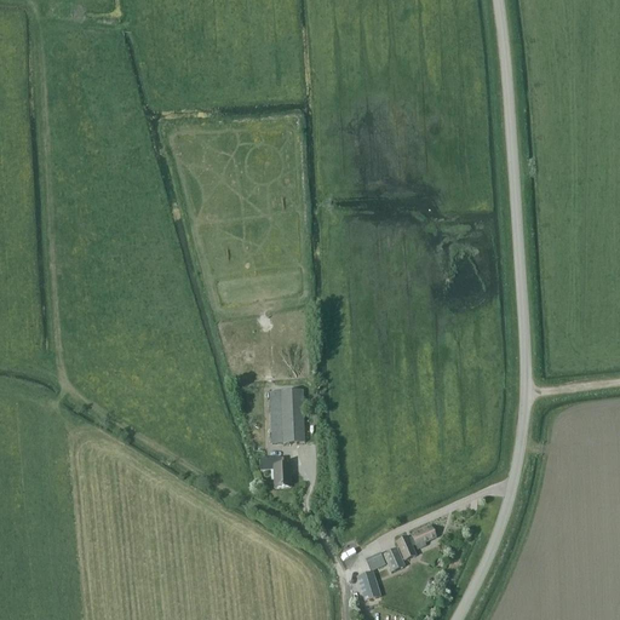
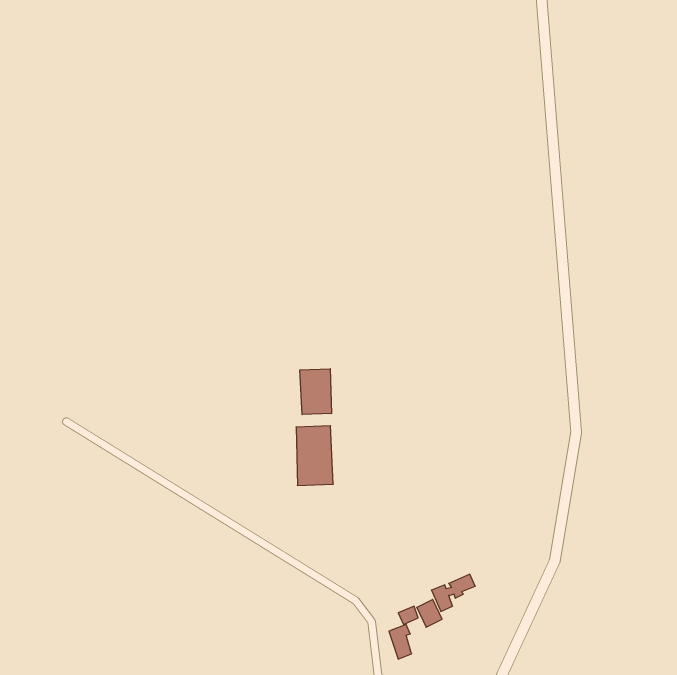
building: none -> [300,369,331,415]
building: [258,458,288,488] -> none

